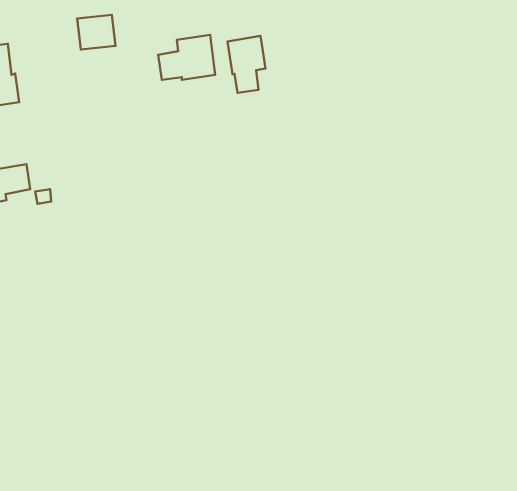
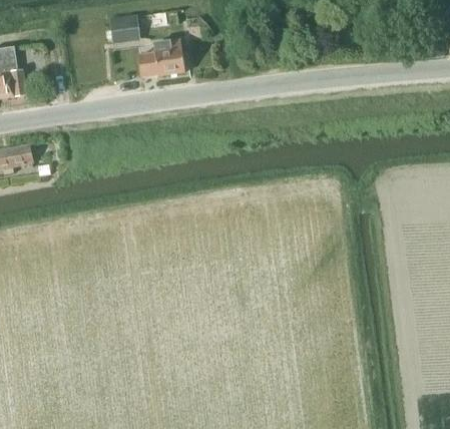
building: [77,15,116,50] -> [110,15,141,43]
building: [228,36,265,93] -> none

